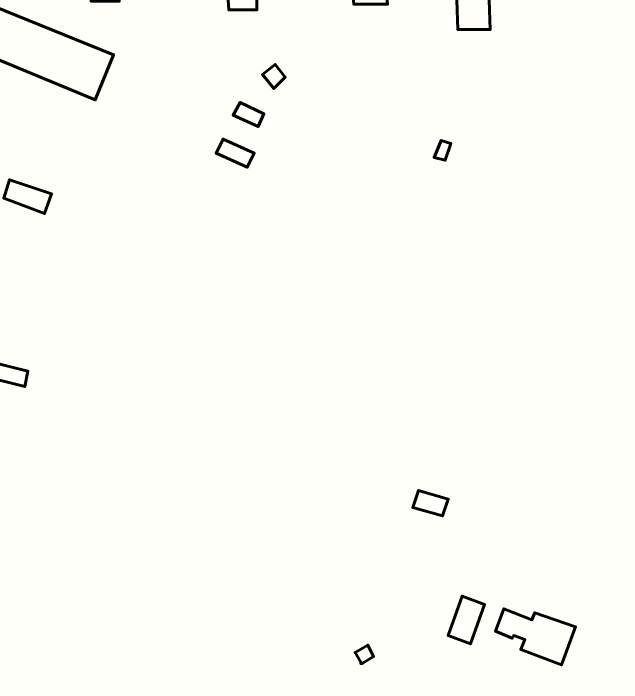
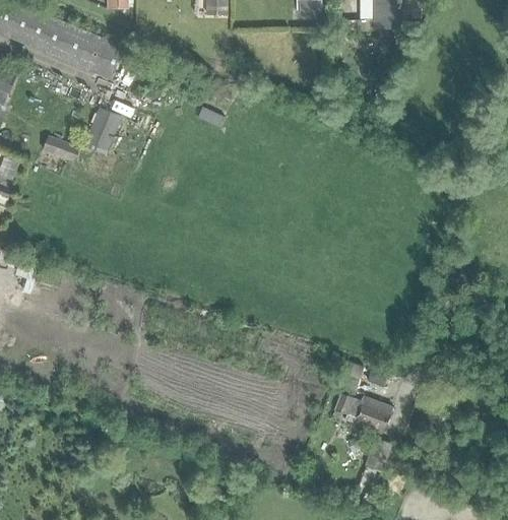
building: none -> [82,108,121,155]
building: [495,609,576,665] -> [334,393,392,434]

